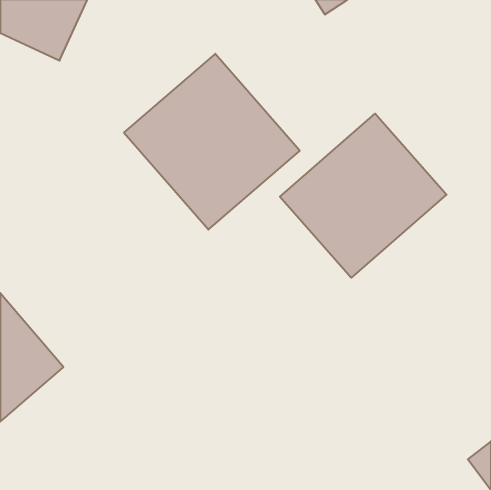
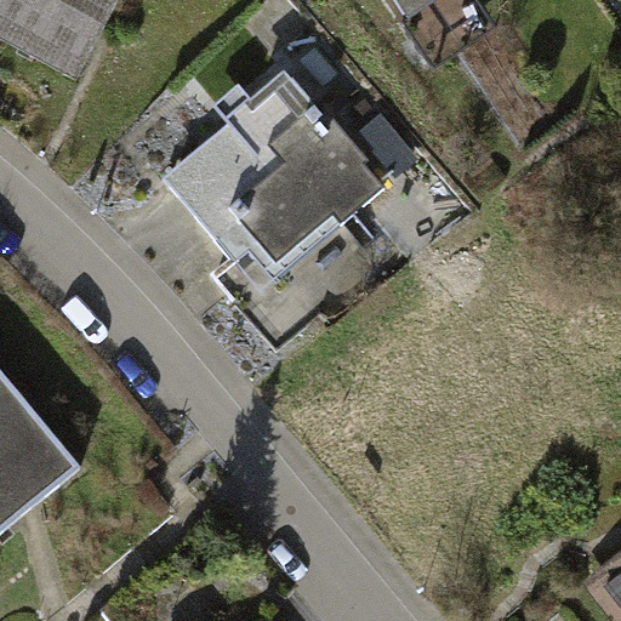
building: [280,114,447,278] -> none

